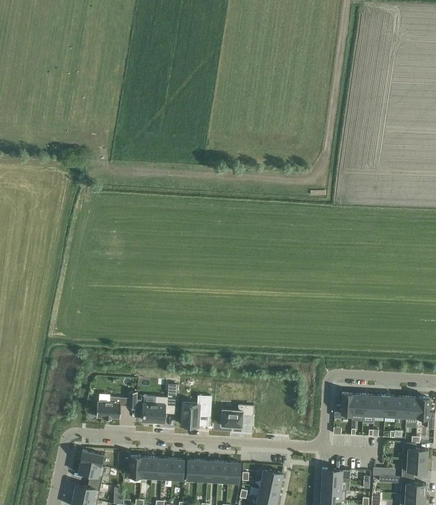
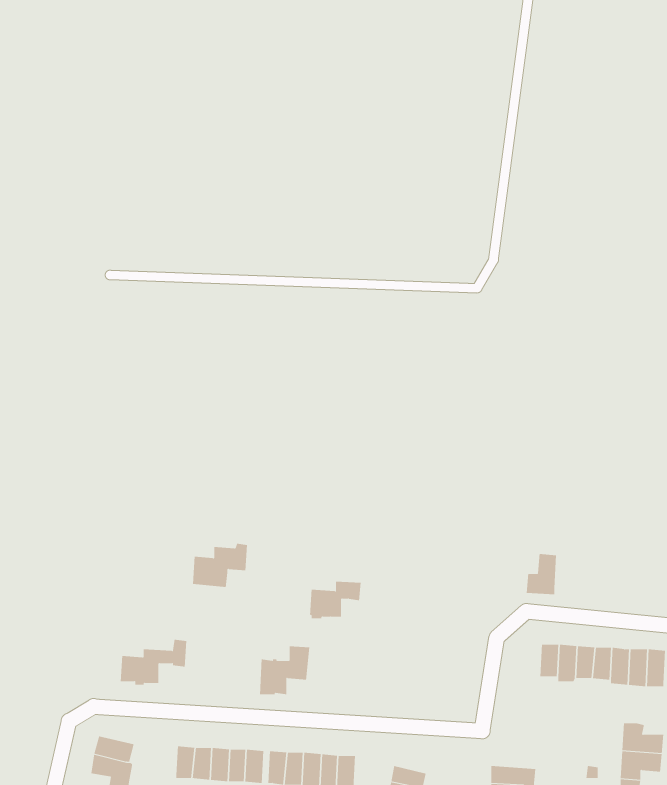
building: [333,394,352,419] -> [526,554,557,595]
building: [141,396,175,423] -> [192,543,248,587]
building: [221,405,253,428] -> [309,581,362,619]

